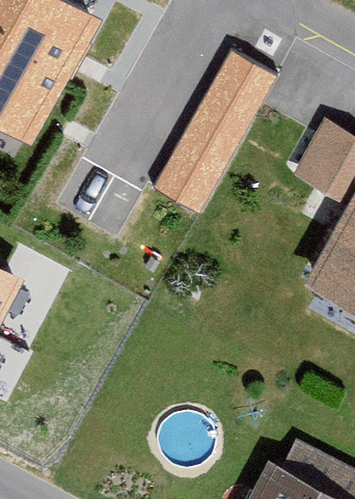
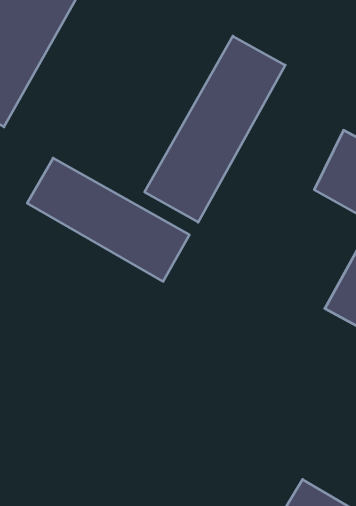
building: none -> [27,158,189,281]

